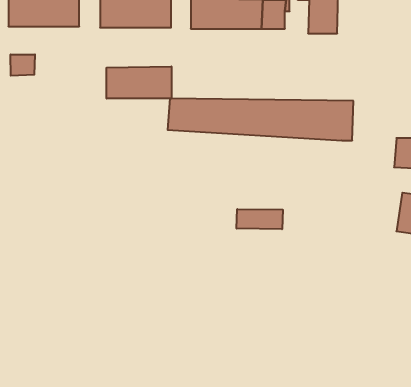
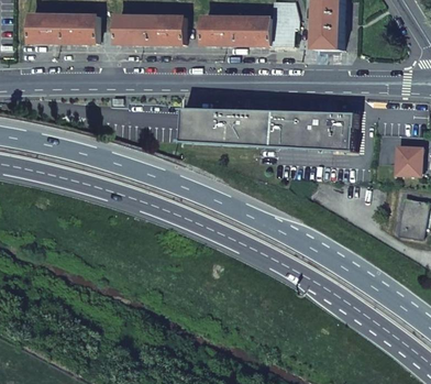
building: [11,54,35,76] -> none
building: [107,66,171,99] -> none
building: [237,209,283,229] -> none

